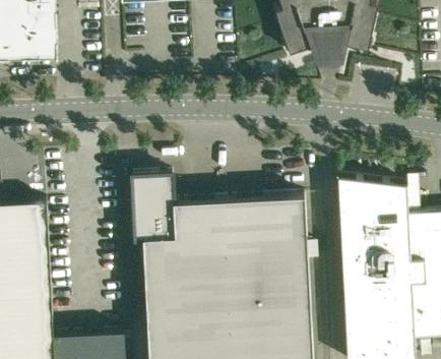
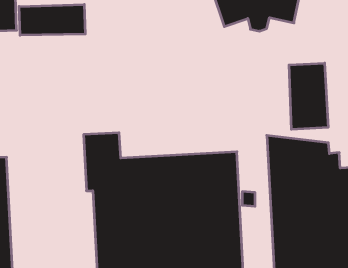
building: none -> [19,4,85,35]
building: none -> [289,63,328,129]

